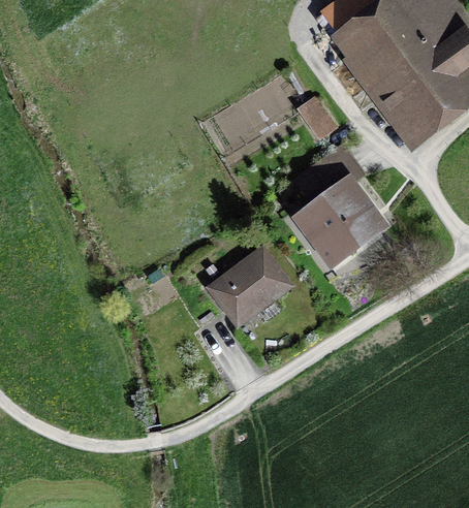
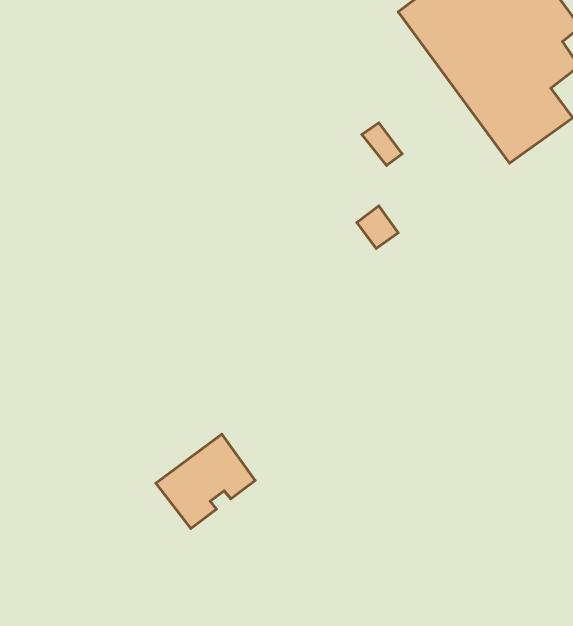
building: [302,185,373,260] -> none
building: [207,251,286,326] -> [156,434,255,529]

